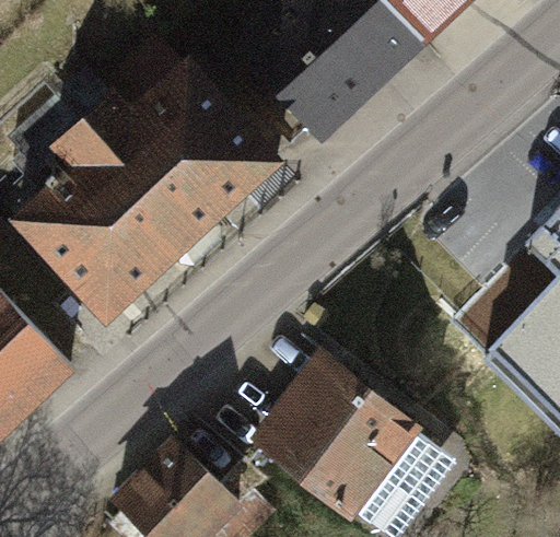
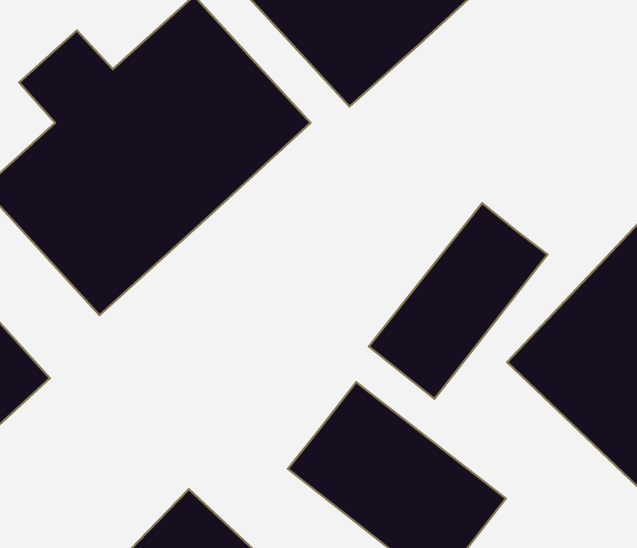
building: none -> [369,203,547,399]

